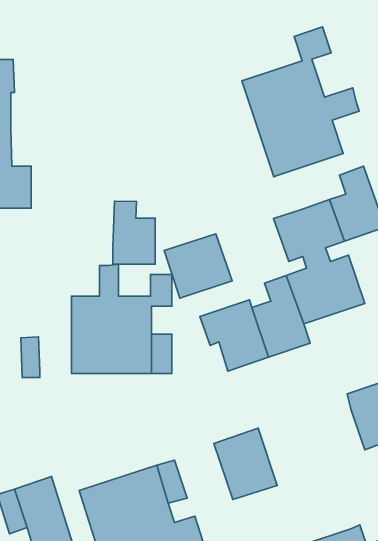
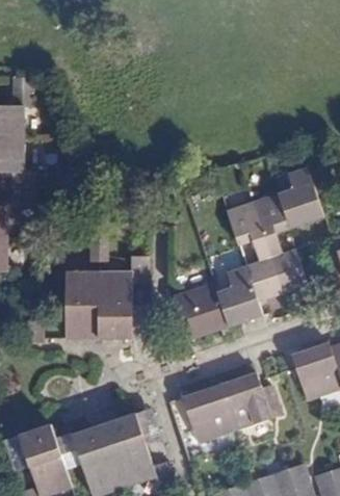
building: [242,27,359,177] -> none
building: [113,201,155,264] -> none
building: [164,234,232,298] -> none
building: none -> [219,371,272,430]

